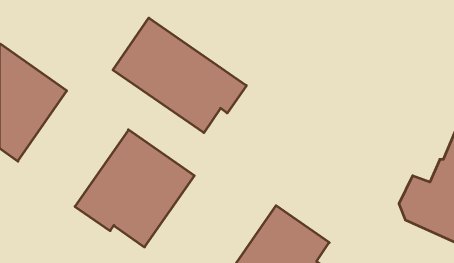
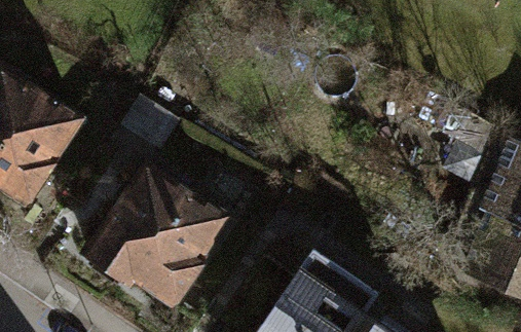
building: [113,18,246,133] -> none

